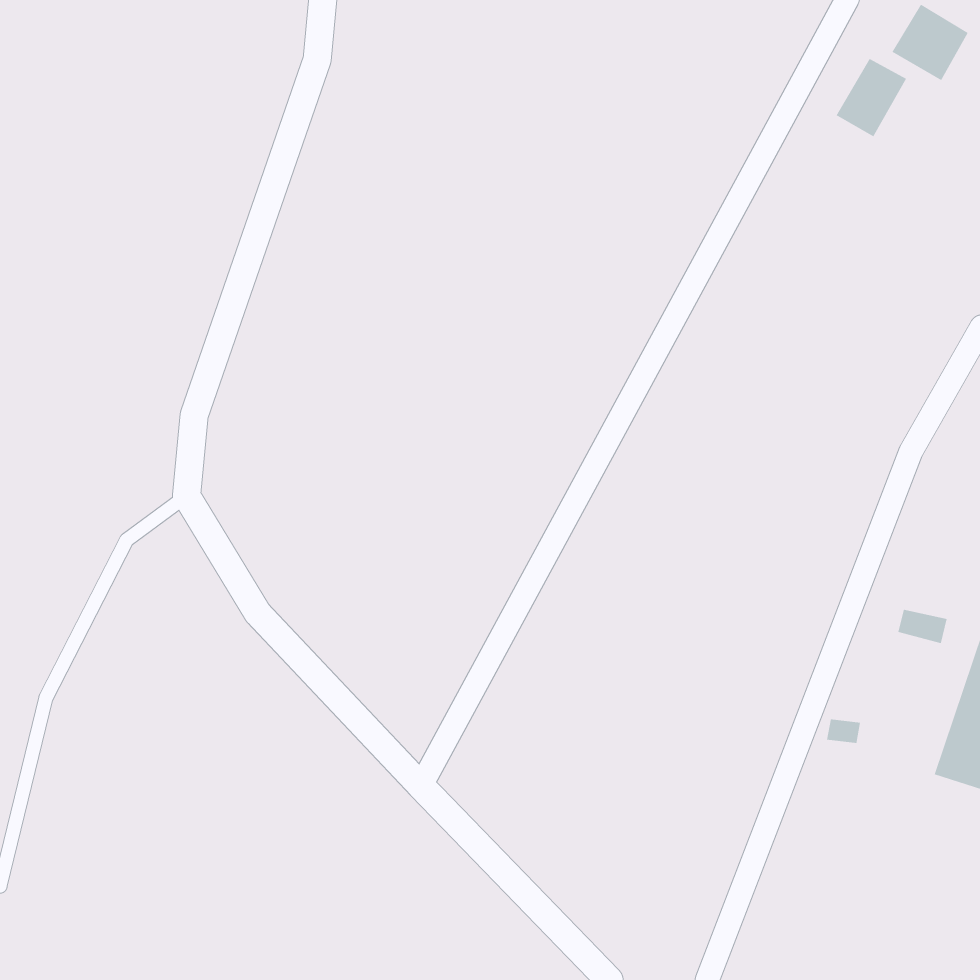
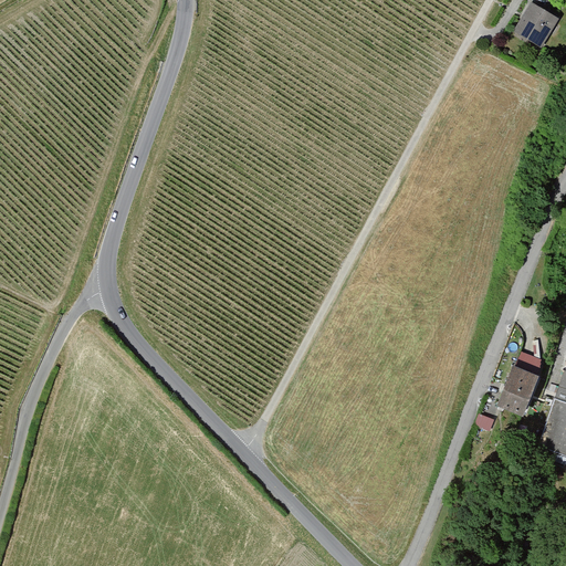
building: [836,58,907,137] -> none
building: none -> [497,365,541,415]

